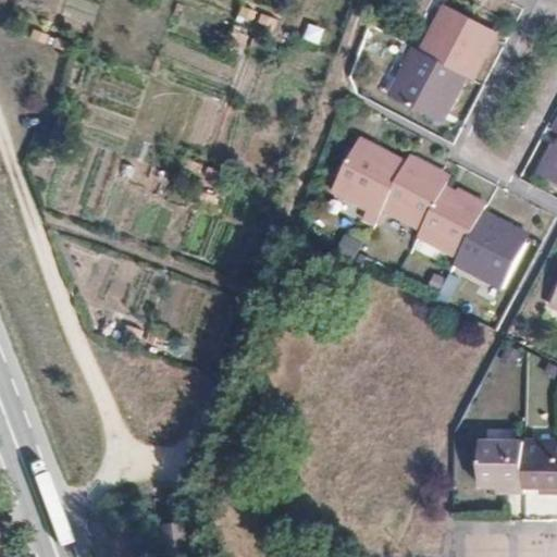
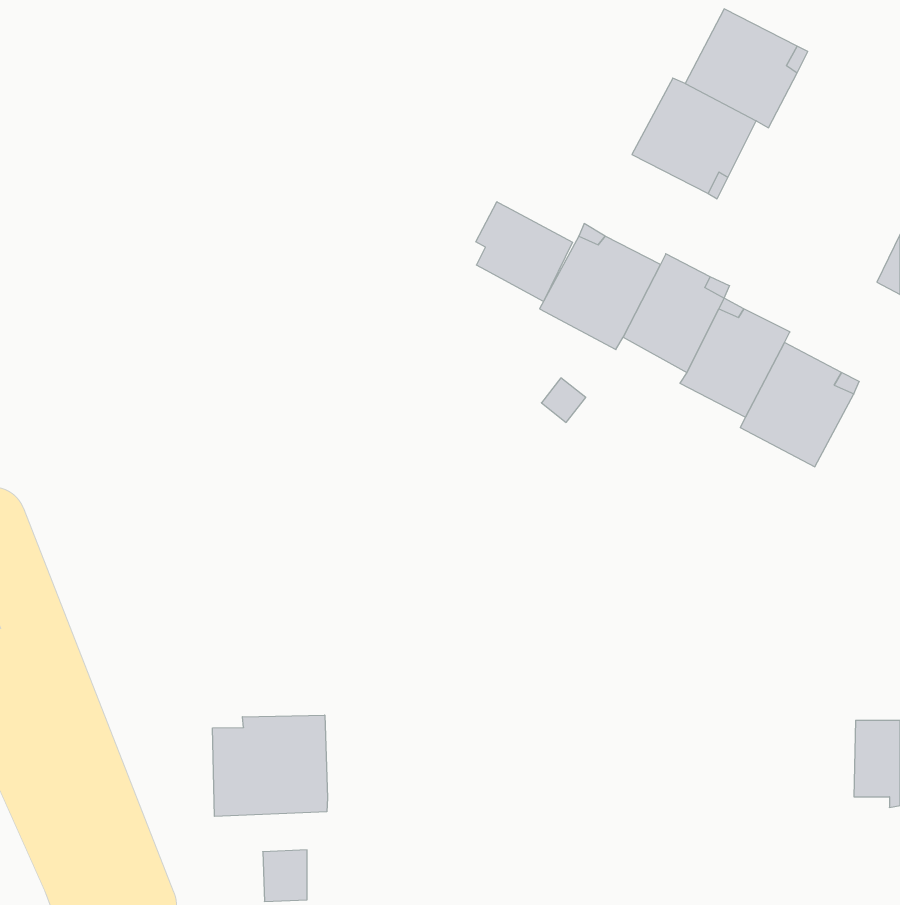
building: none -> [476,202,573,302]
building: none -> [213,715,328,816]
building: [479,442,524,494] -> none

